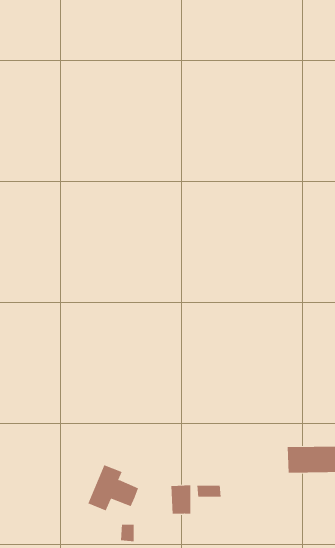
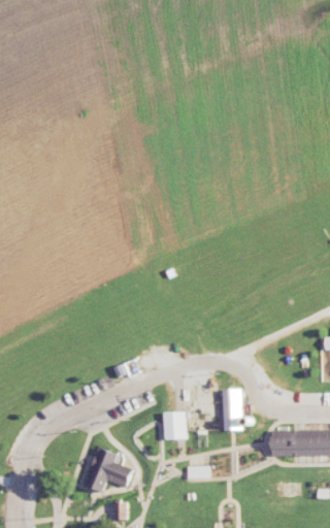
building: none -> [223,390,242,431]
building: [171,485,191,514] -> [165,412,185,440]

